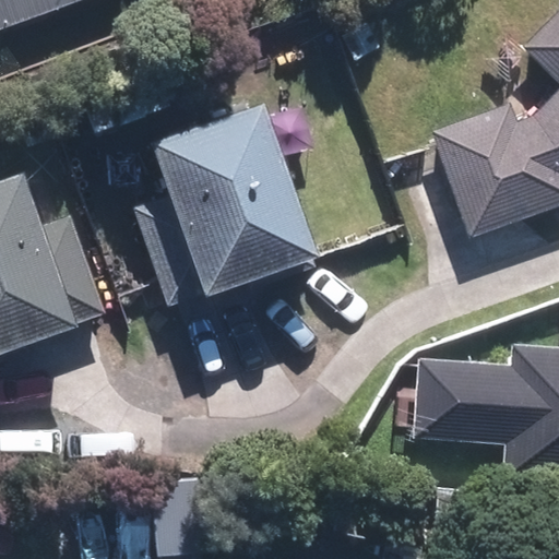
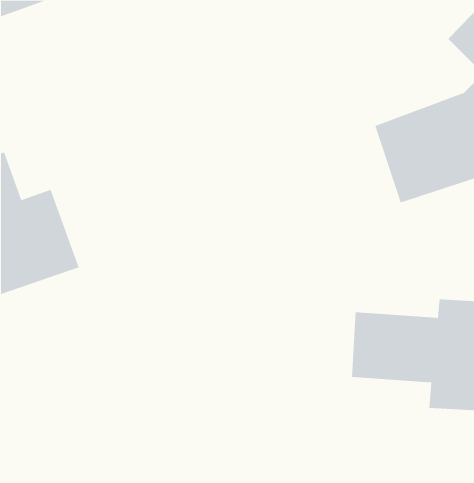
building: [141,103,312,302] -> none

